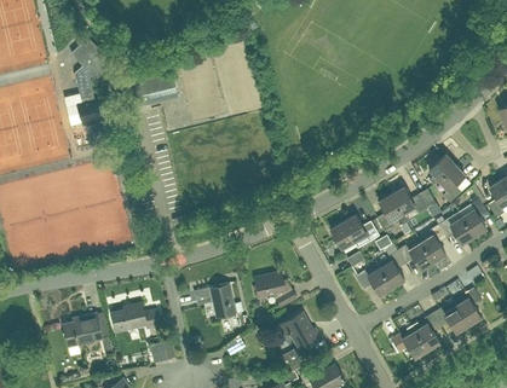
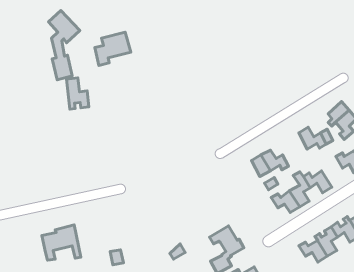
building: none -> [67,78,89,109]
building: [376,193,407,231] -> none
building: [420,224,446,262] -> none
building: [254,271,296,306] -> none
building: [194,283,243,318] -> none
building: [111,302,160,331] -> none

